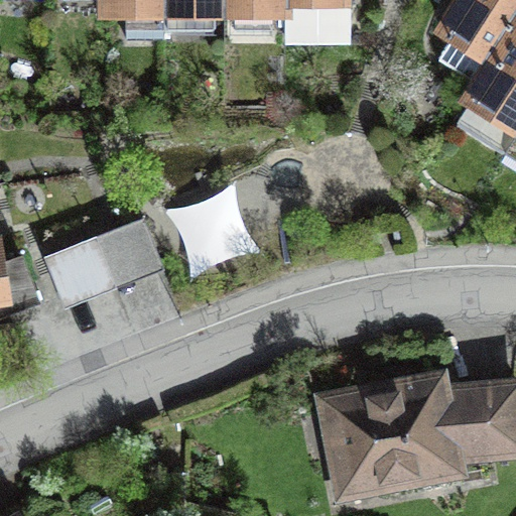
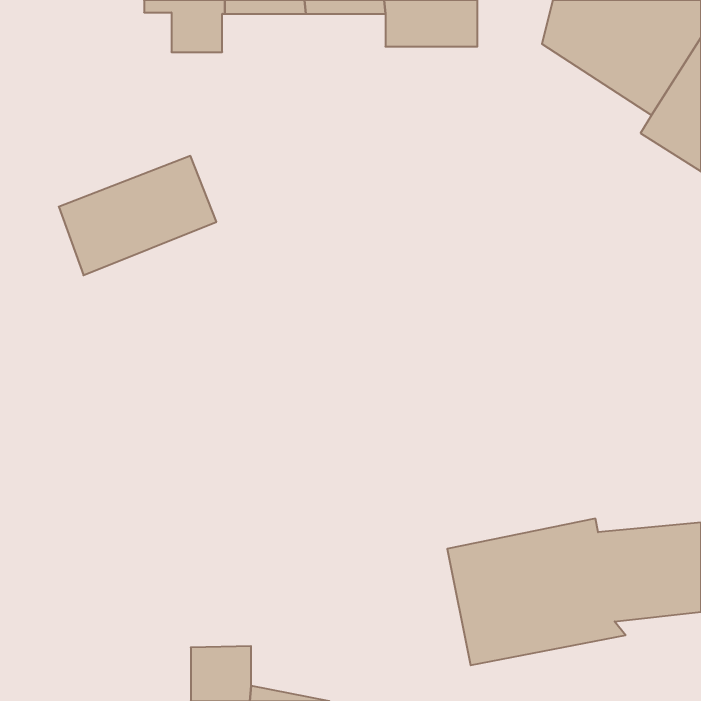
building: [165,179,262,282] -> none
building: [47,220,163,307] -> [59,156,216,275]

